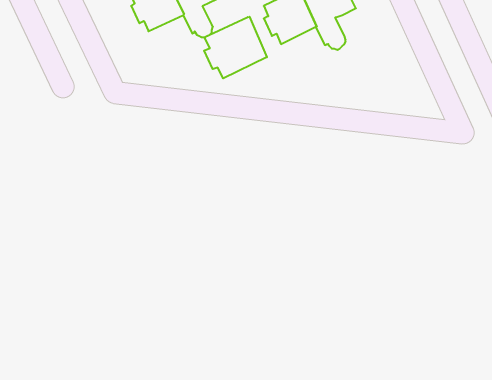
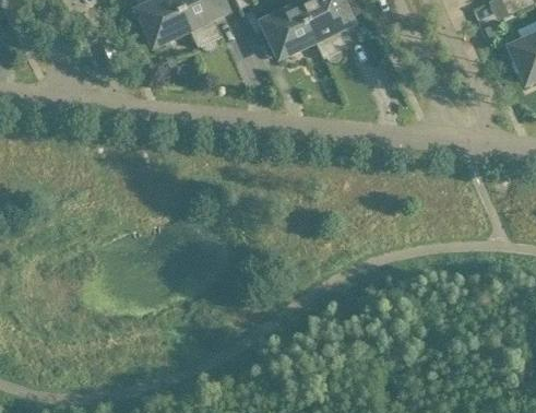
building: [204,17,267,78] -> none

